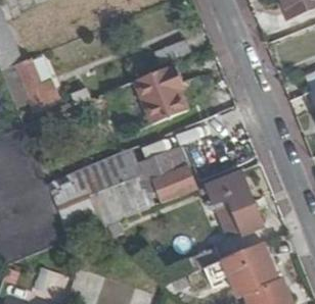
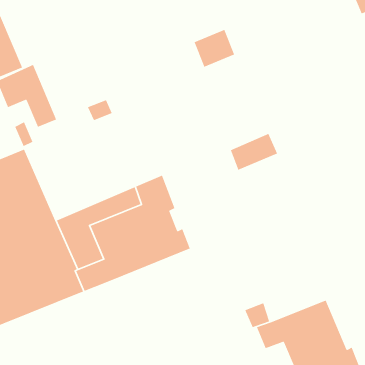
building: [132,63,187,125] -> none
building: [137,141,195,197] -> none
building: [207,168,261,232] -> none

